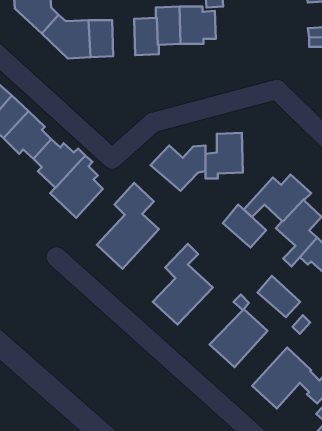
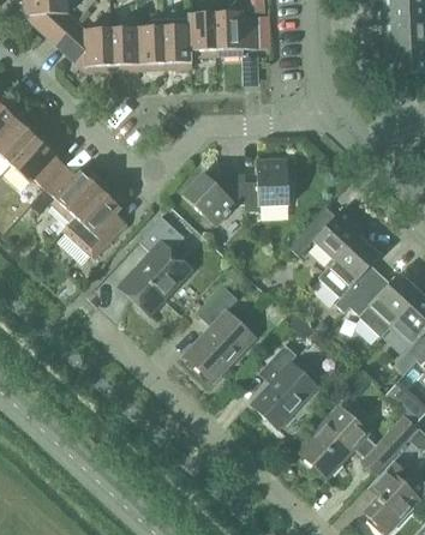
building: none -> [137,26,163,70]
building: [223,205,266,247] -> none
building: [258,276,300,317] -> none

